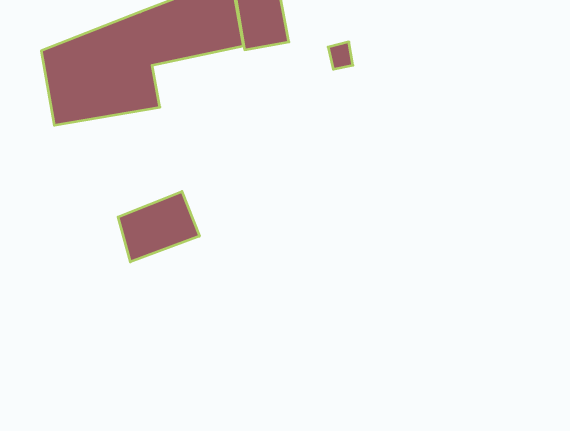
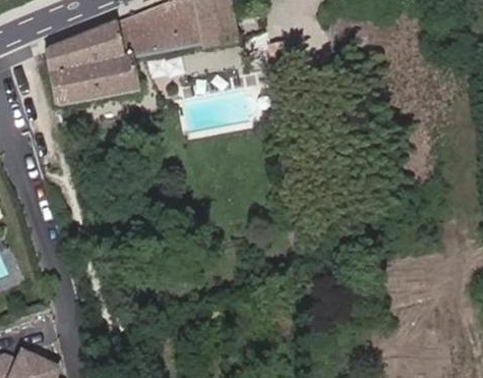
building: [118,191,199,262] -> none

